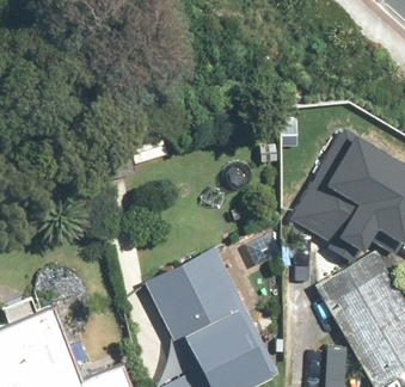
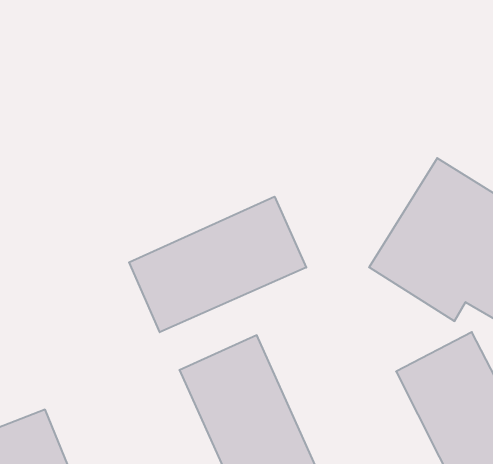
building: none -> [129,197,306,332]

